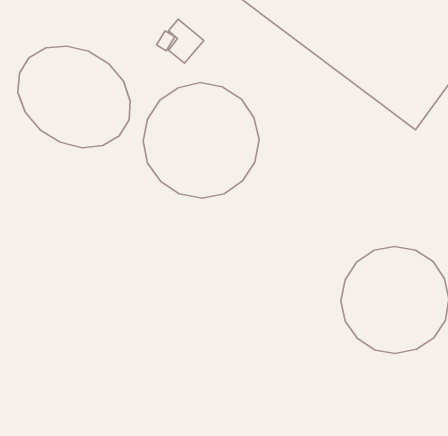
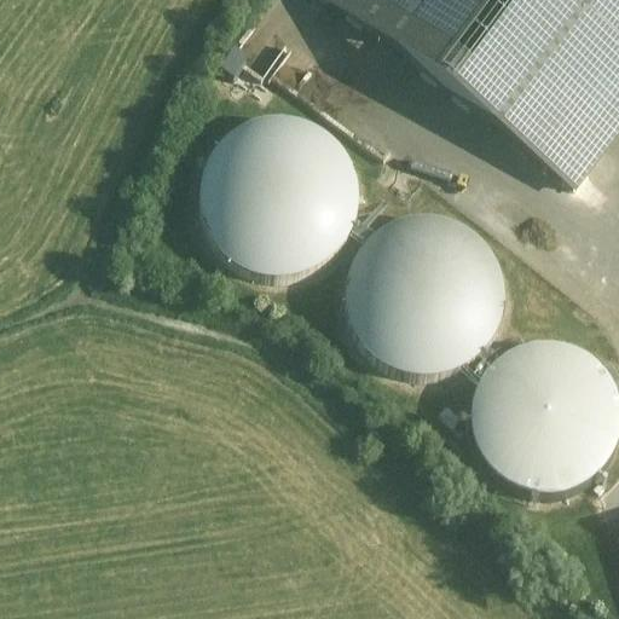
building: [18,46,130,148] -> none
building: none -> [355,221,507,374]

